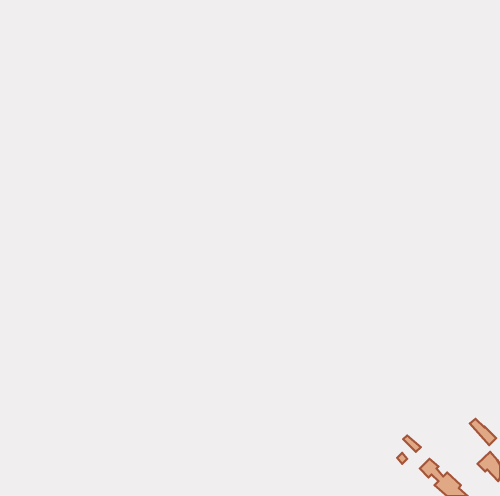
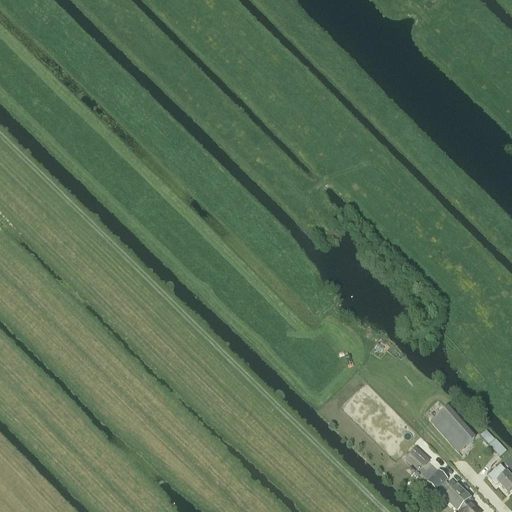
building: none -> [431,407,472,450]

